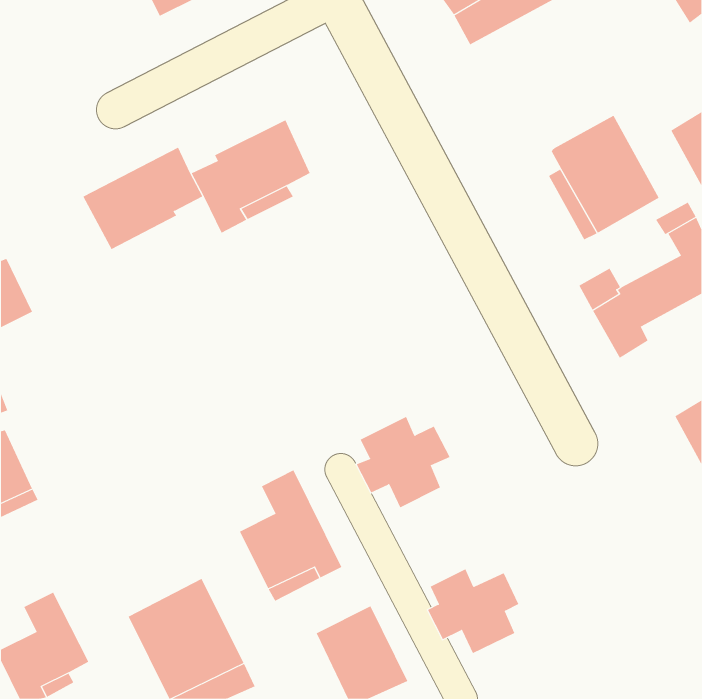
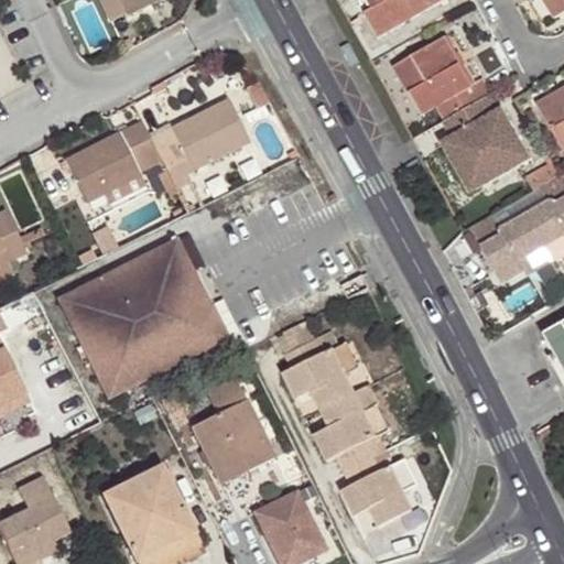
building: none -> [393,39,491,119]
building: none -> [58,232,232,397]
building: none -> [315,384,391,470]

